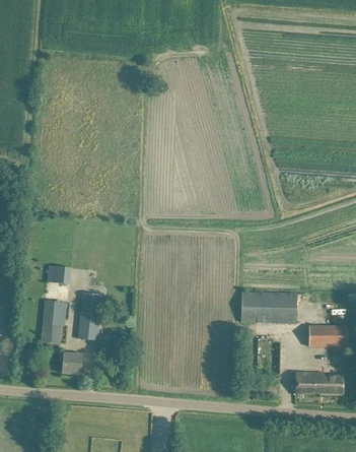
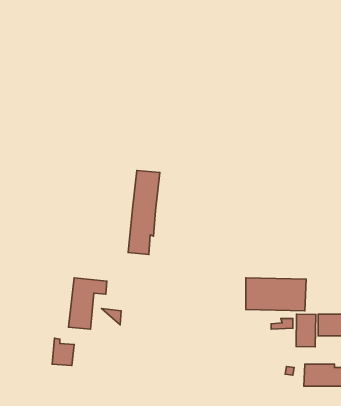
building: [41,265,70,343] -> [128,170,160,255]
building: none -> [296,314,316,347]

